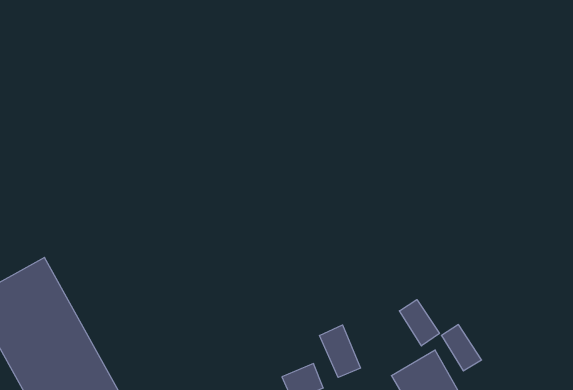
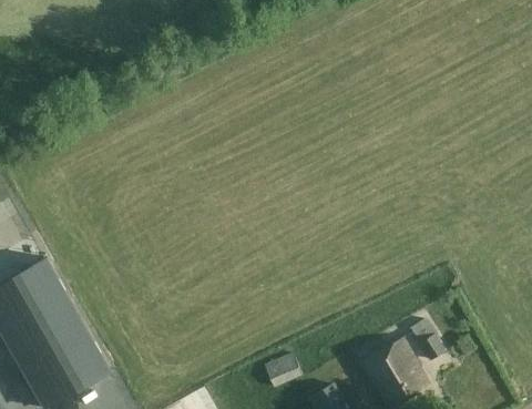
building: [399,300,439,346] -> none
building: [320,325,360,377] -> none

